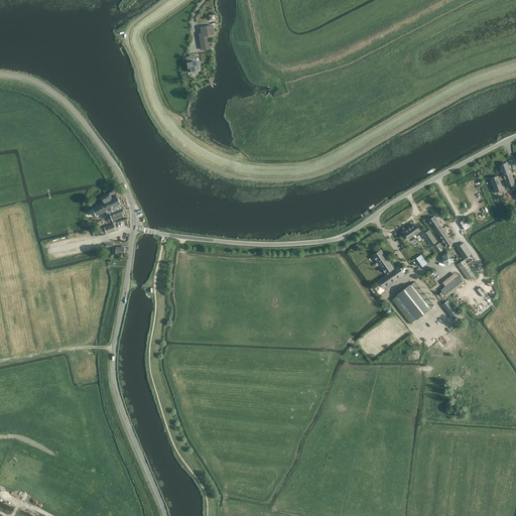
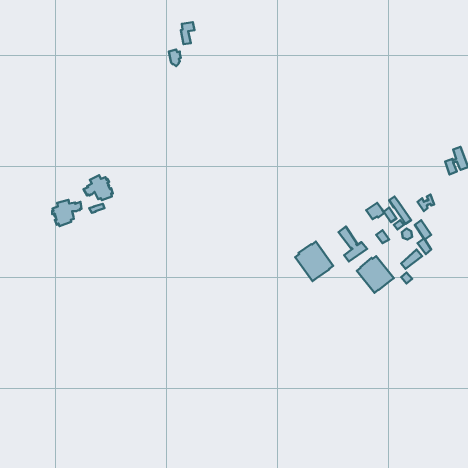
building: none -> [52,200,81,226]
building: none -> [295,242,333,281]

